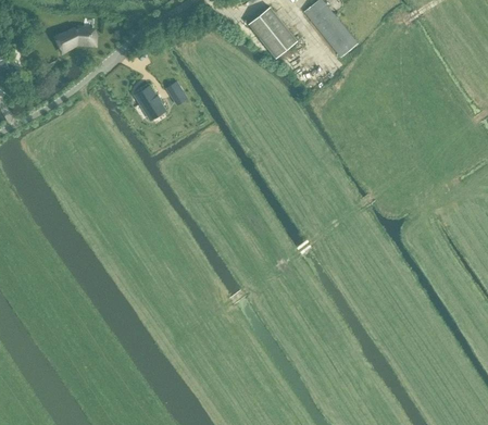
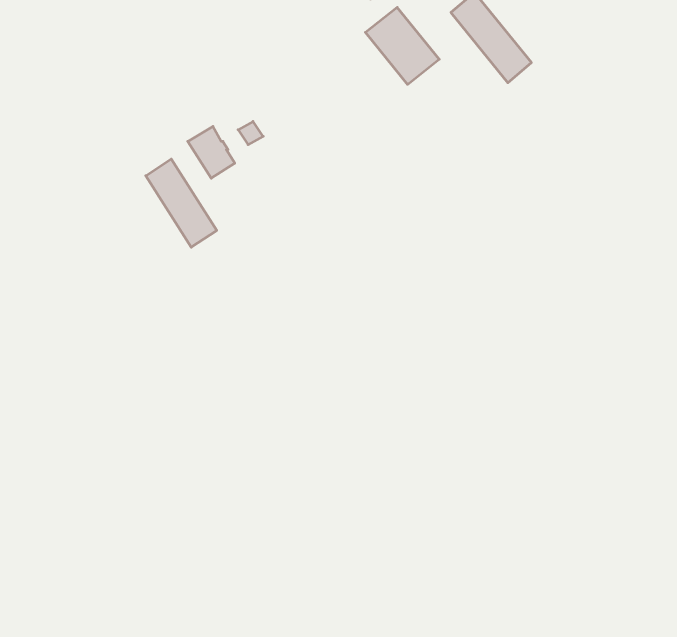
building: [54,27,97,51] -> none
building: none -> [146,159,217,247]

